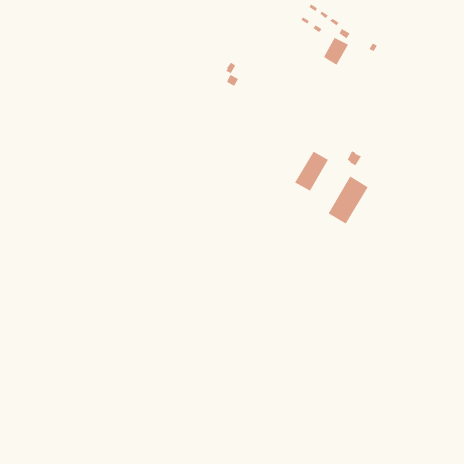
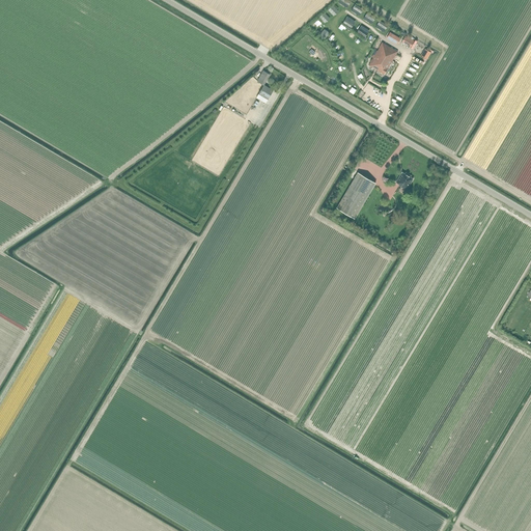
building: [328,175,369,224] -> none

